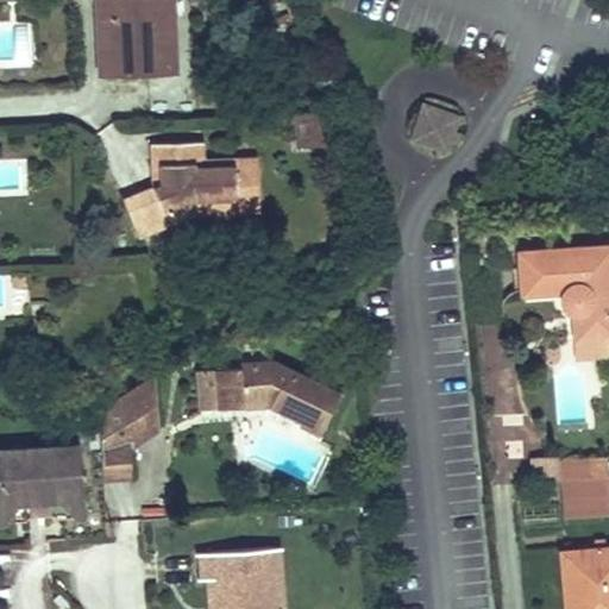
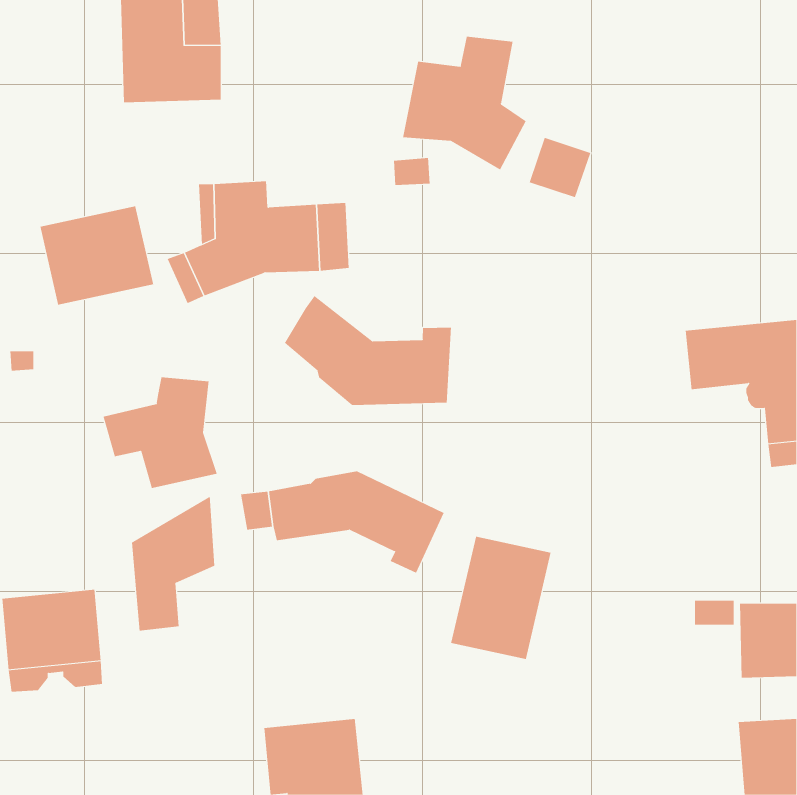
building: none -> [402,36,527,170]
building: none -> [40,205,154,305]
building: none -> [284,295,451,406]
building: none -> [103,377,217,489]
building: none -> [451,536,551,660]

